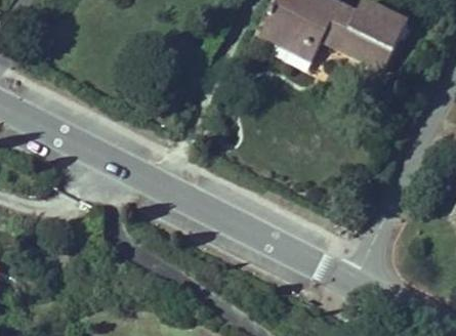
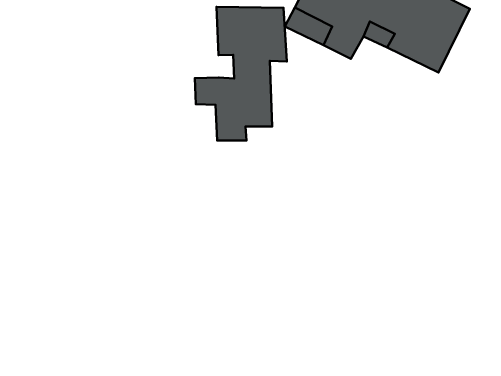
building: none -> [195,7,287,141]

